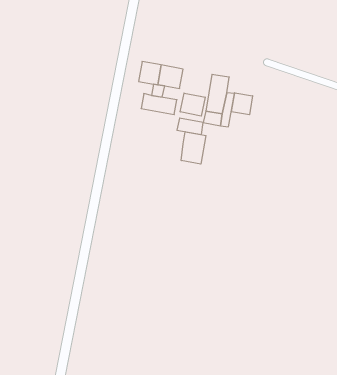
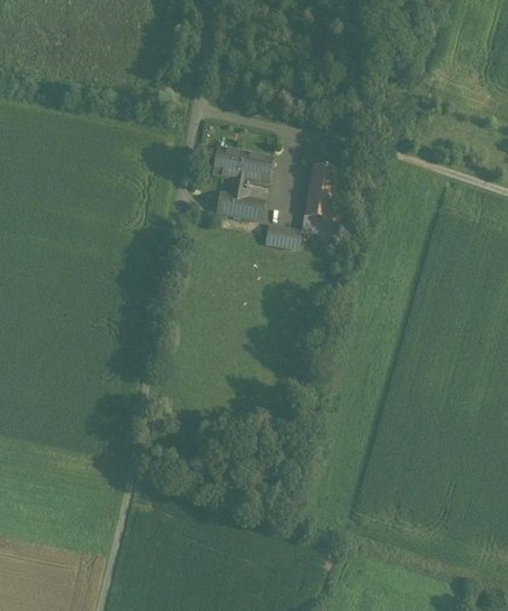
building: [232,93,253,115] -> none
building: [180,93,205,116] -> none
building: [181,132,206,164] -> none

